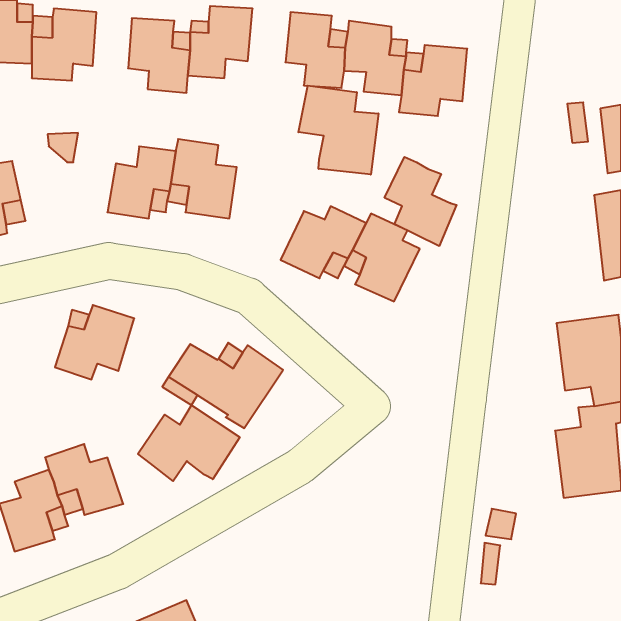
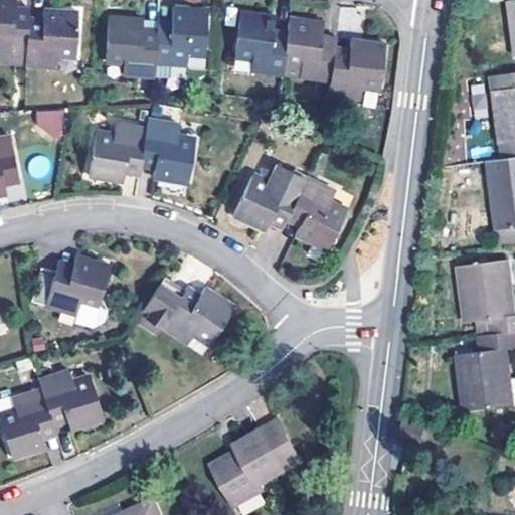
building: [298,86,378,175] -> none
building: [385,157,457,246] -> none
building: [138,405,240,481] -> none
building: none -> [211,420,300,505]

